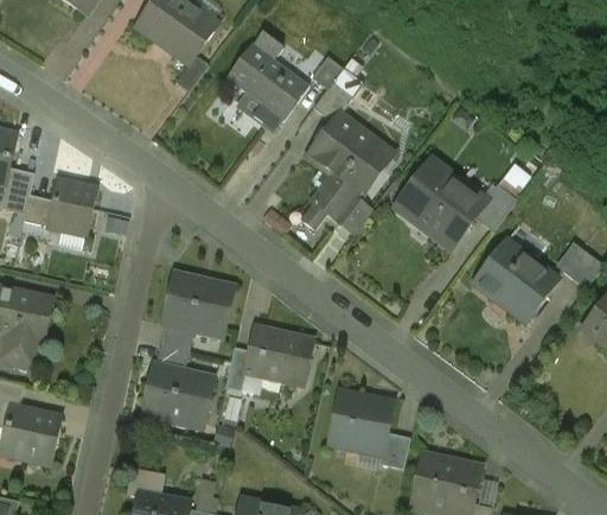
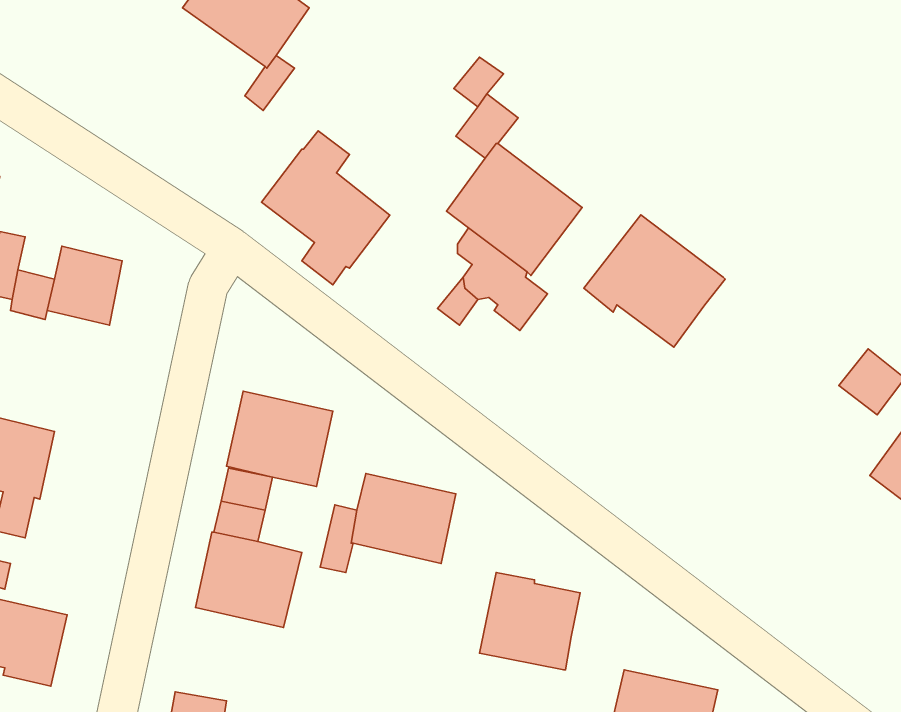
building: [225,31,308,131] -> [261,131,390,285]
building: [473,184,516,231] -> none
building: [473,240,557,324] -> none
building: [379,432,409,469] -> none

